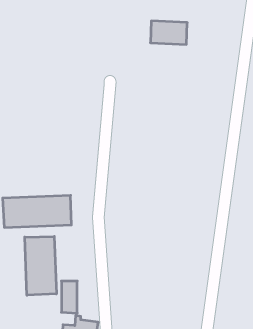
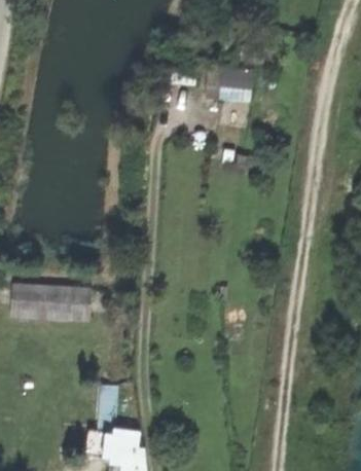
building: [25,236,56,295] -> none

